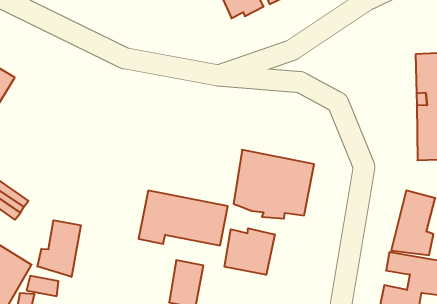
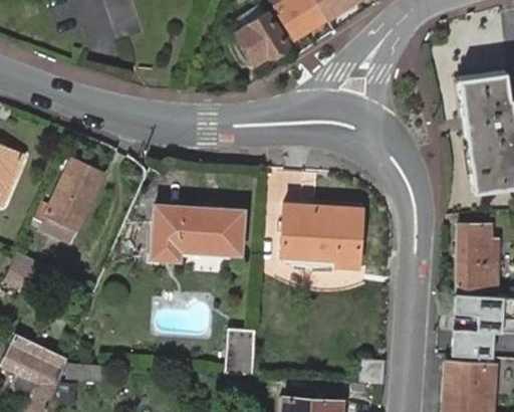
building: none -> [36,156,107,240]
building: [139,191,228,245] -> [151,203,242,258]
building: [37,220,81,277] -> none
building: [224,228,275,275] -> none

